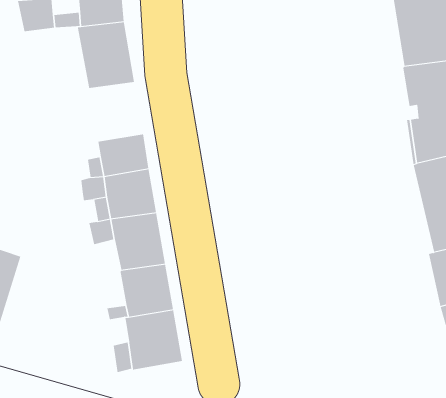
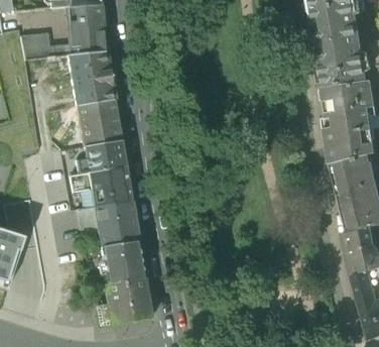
building: none -> [77,99,120,145]

